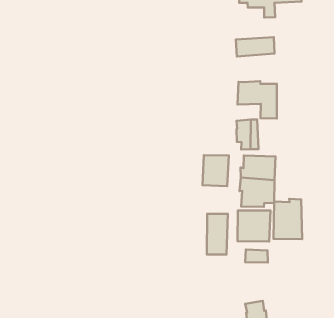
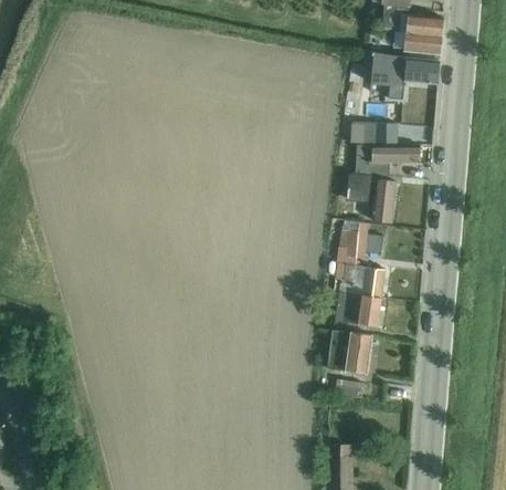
building: none -> [356,145,420,177]
building: [203,155,229,186] -> none
building: [273,199,302,239] -> none
building: [207,214,228,255] -> none

